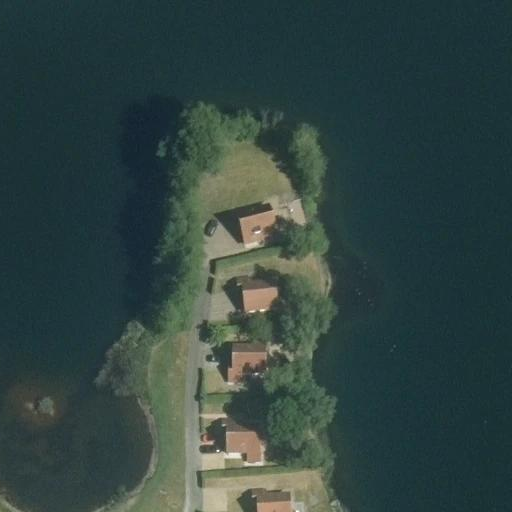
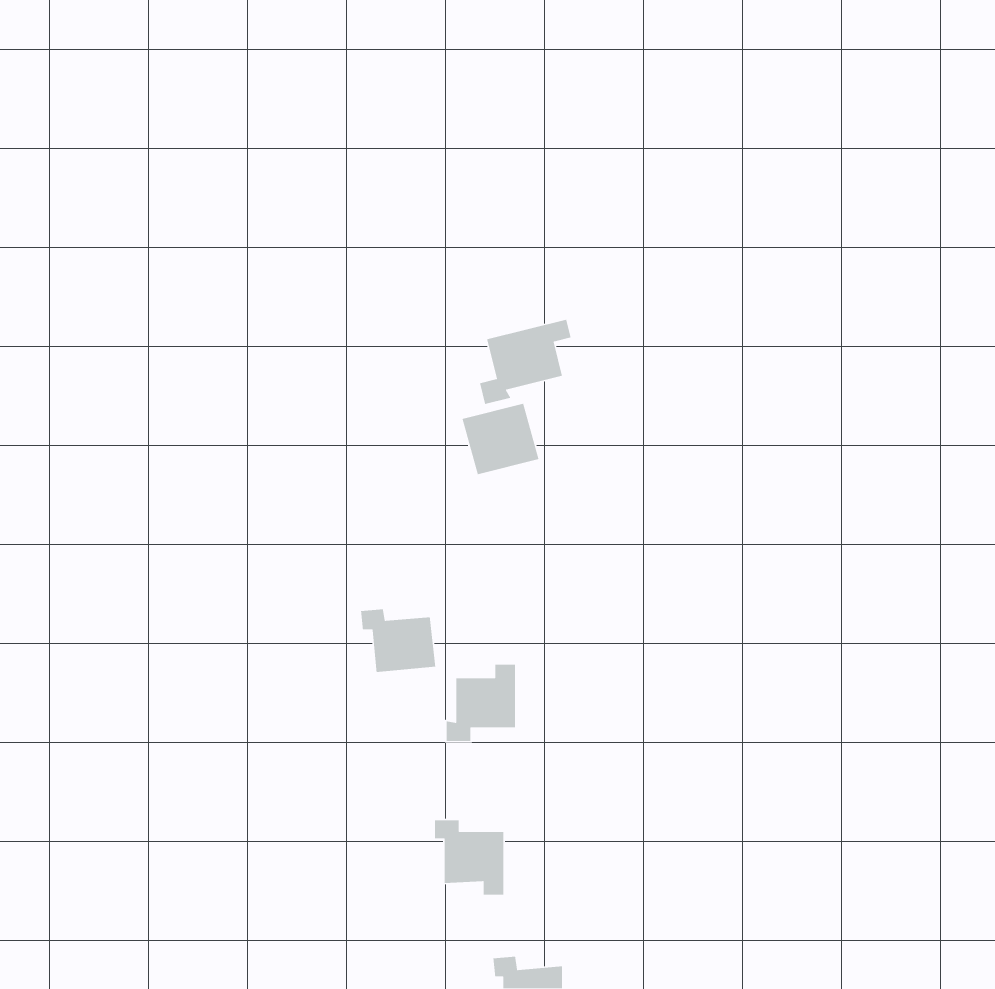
building: none -> [479,319,571,405]
building: [238,279,277,312] -> [360,609,436,673]

